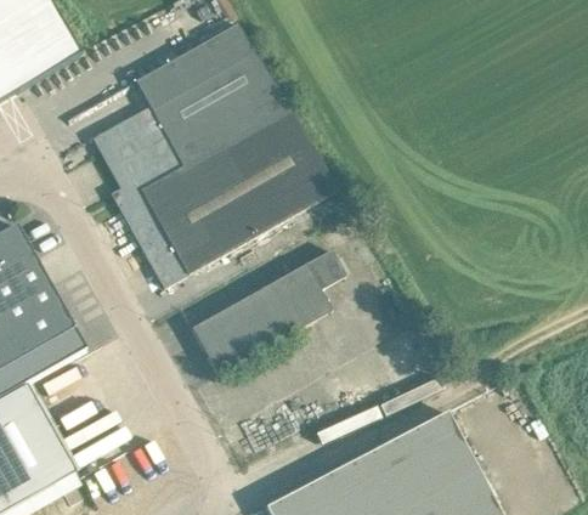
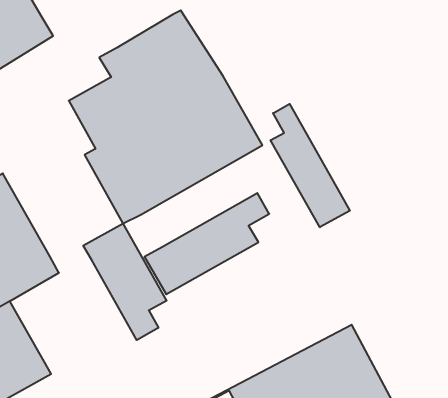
building: none -> [271,104,350,227]
building: none -> [83,224,167,340]

